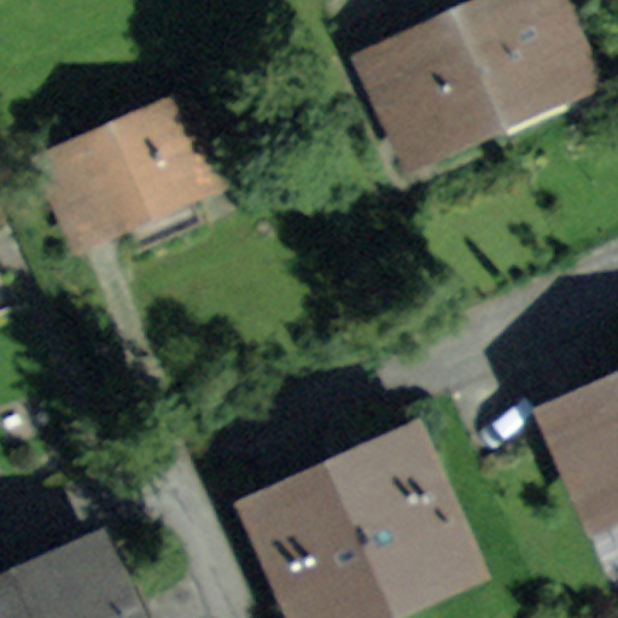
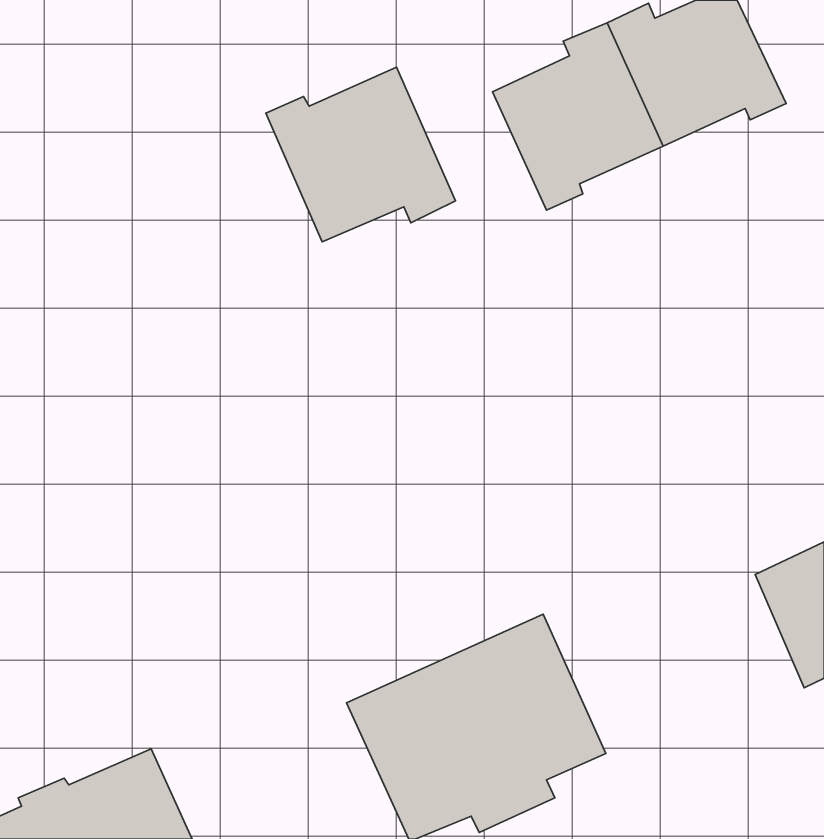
building: none -> [266,67,456,242]
building: [39,109,206,237] -> none

